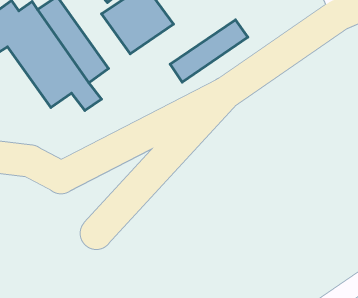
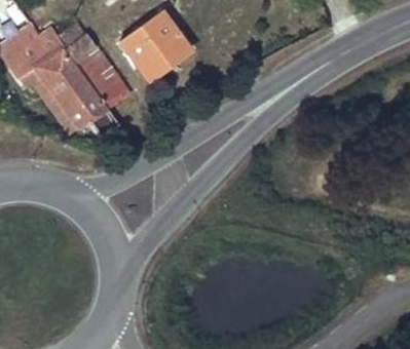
building: [170,20,248,82] -> none

